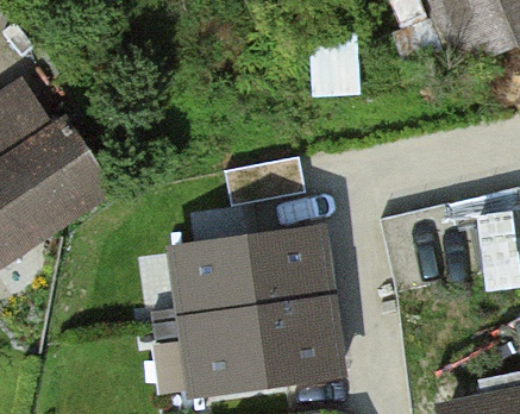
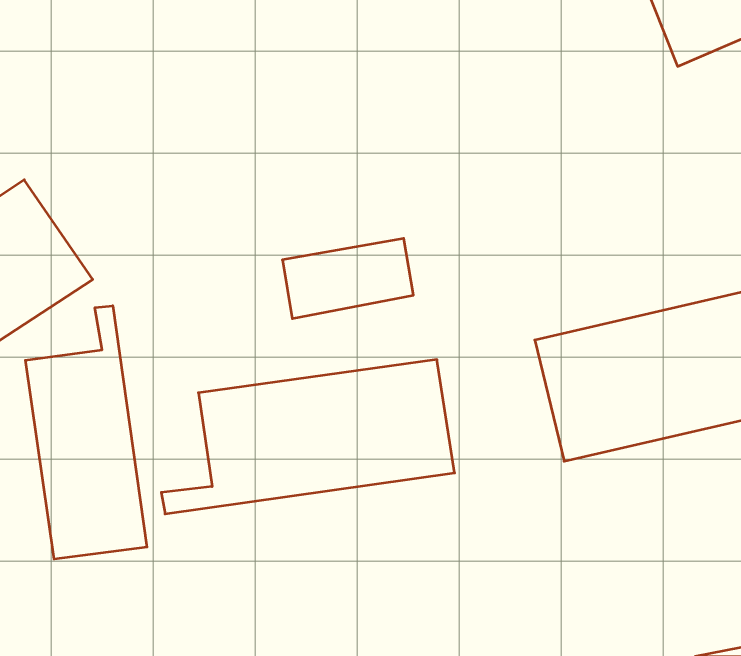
building: none -> [25,306,147,559]
building: [155,301,340,391] -> none

